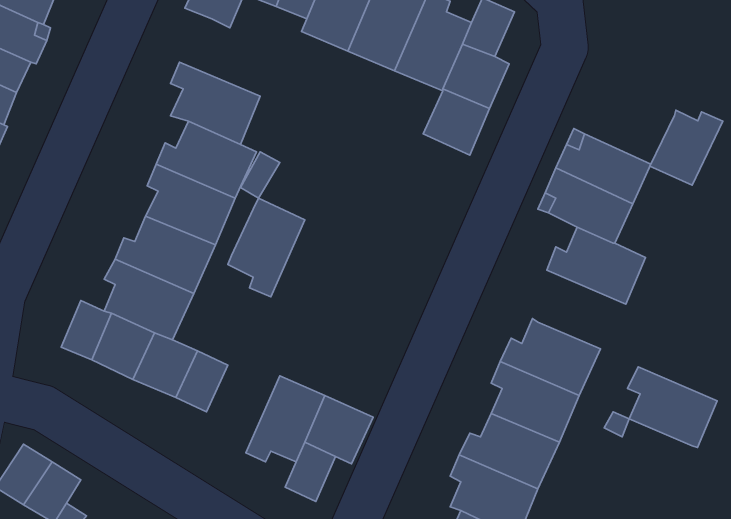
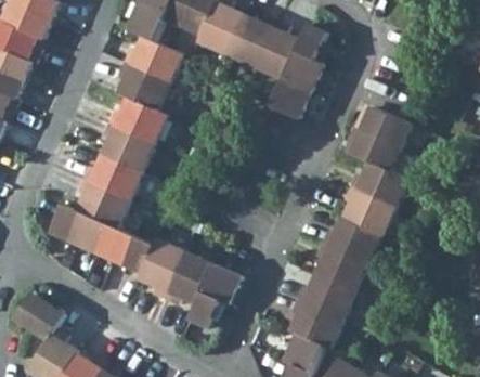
building: none -> [124,37,184,83]
building: [650,110,723,185] -> none
building: [228,198,305,297] -> [138,239,184,299]
building: [628,367,717,448] -> [339,188,393,237]

